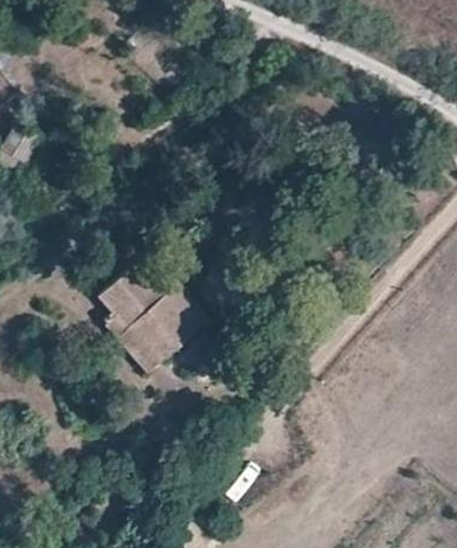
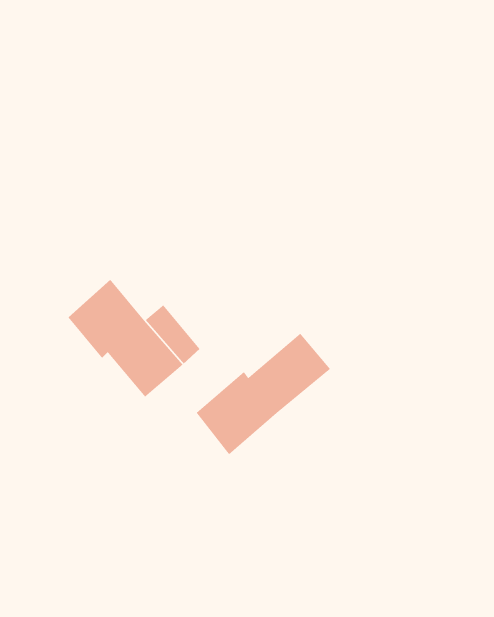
building: none -> [196,333,331,455]

